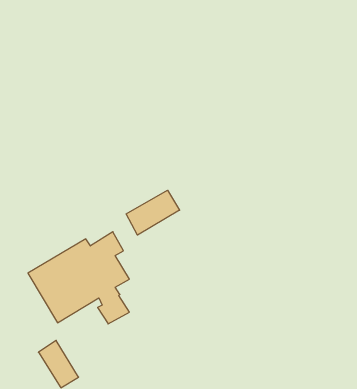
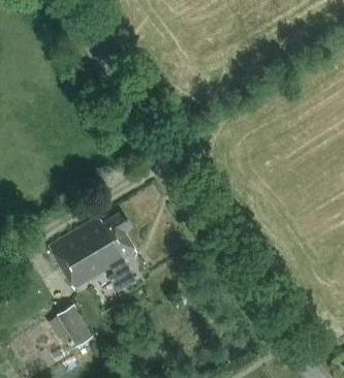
building: [126,190,180,235] -> none

